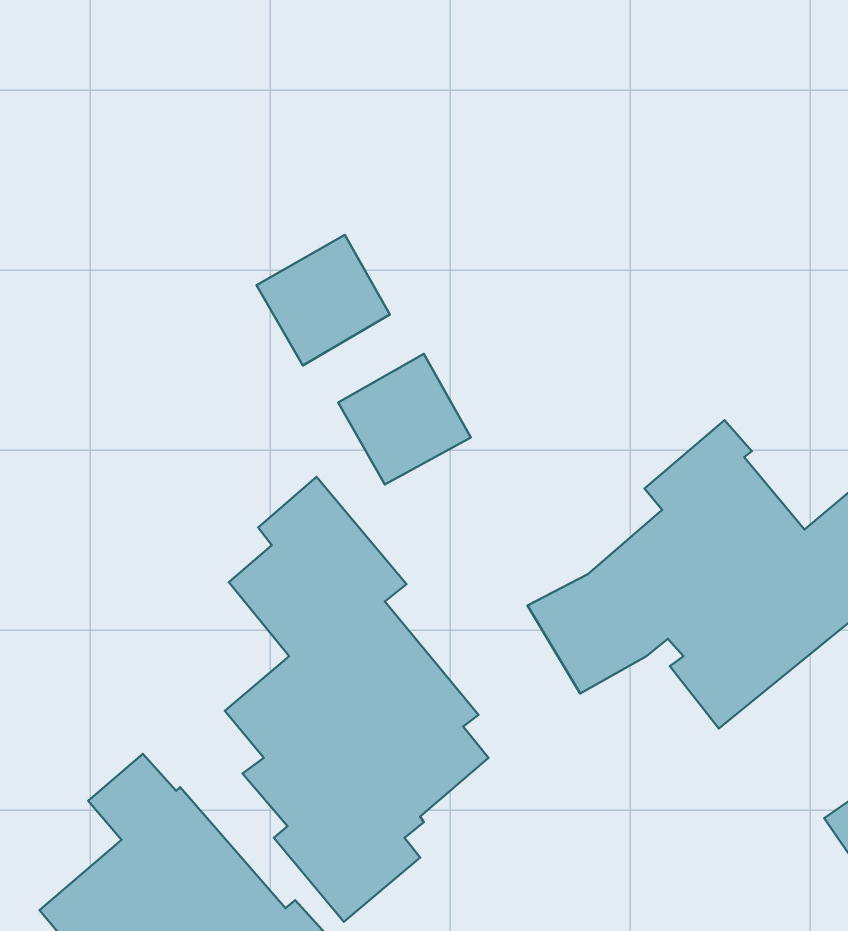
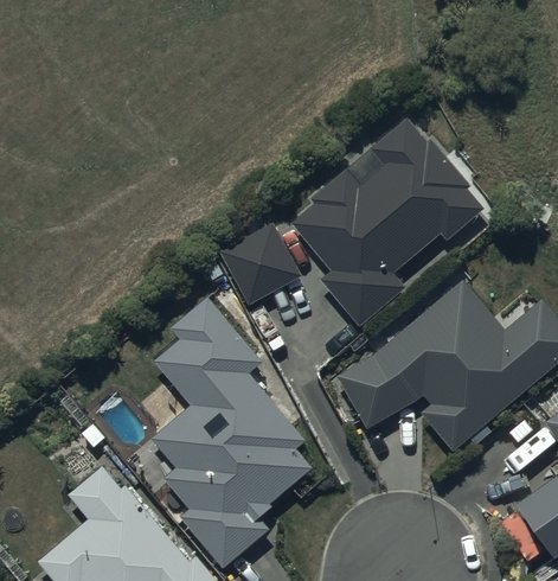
building: none -> [290,116,482,326]
building: [256,235,390,366] -> none

